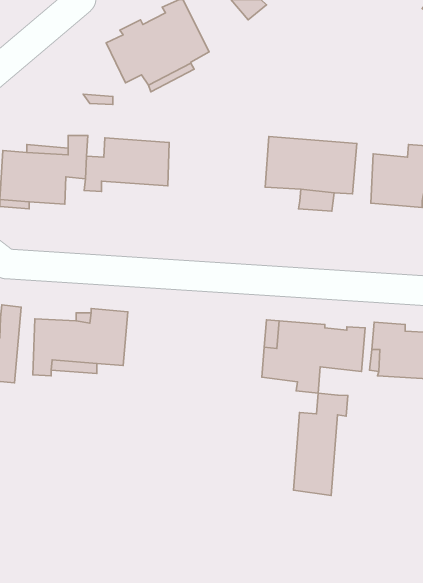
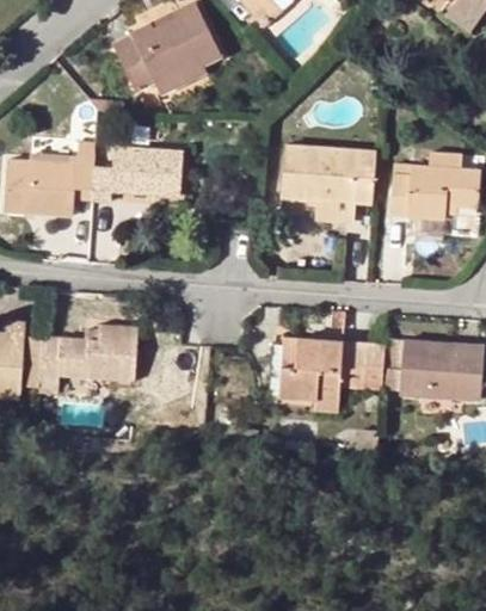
building: [294,393,348,495] -> none

